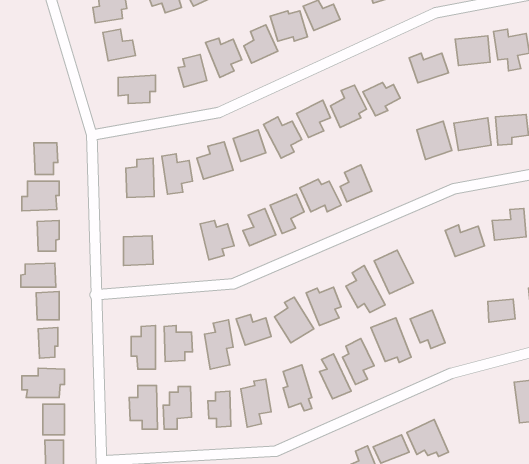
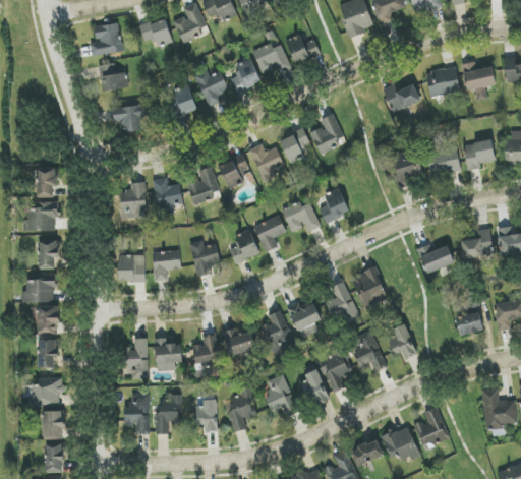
building: [363,82,400,116] -> none
building: none -> [152,250,181,281]
building: none -> [414,408,448,448]

